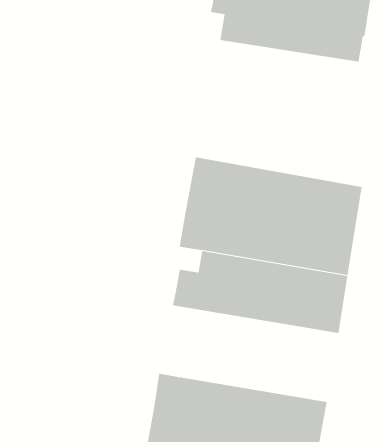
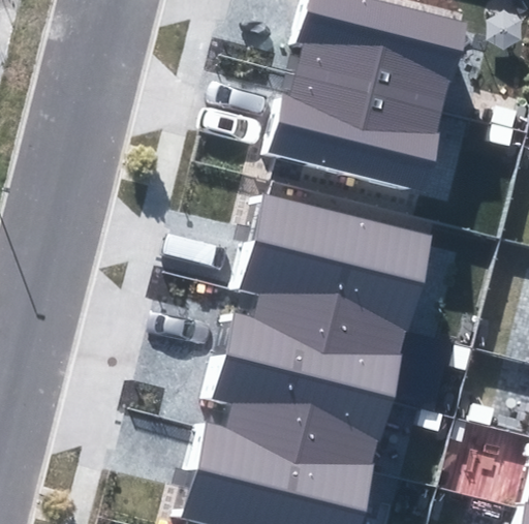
building: none -> [262,68,446,191]
building: none -> [207,348,397,468]

